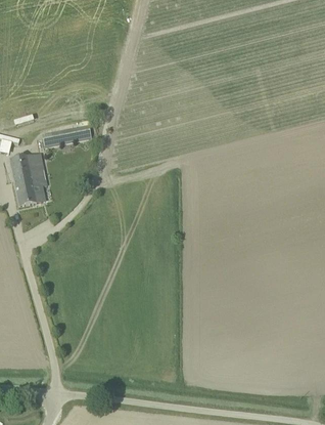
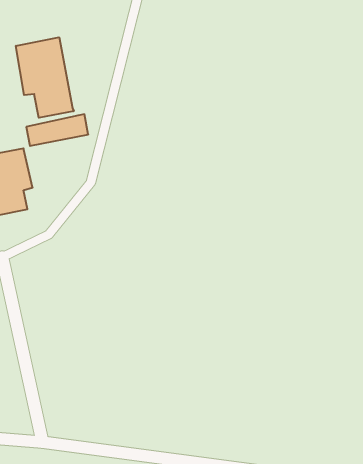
building: none -> [16,37,74,118]

